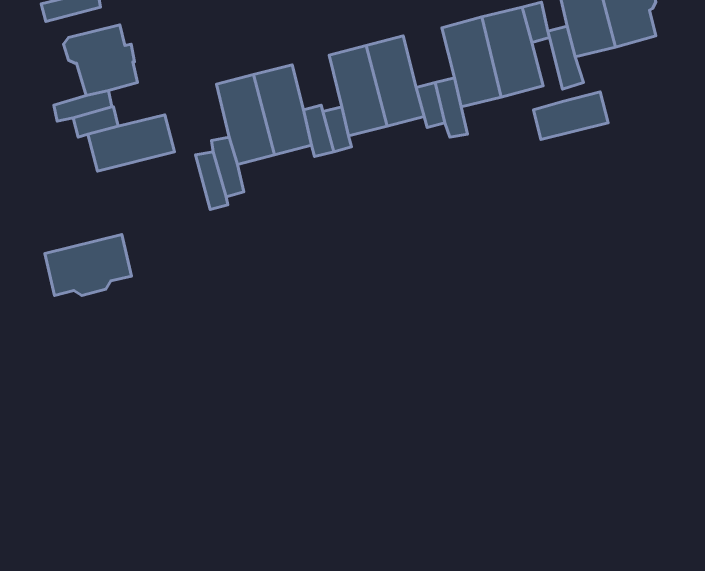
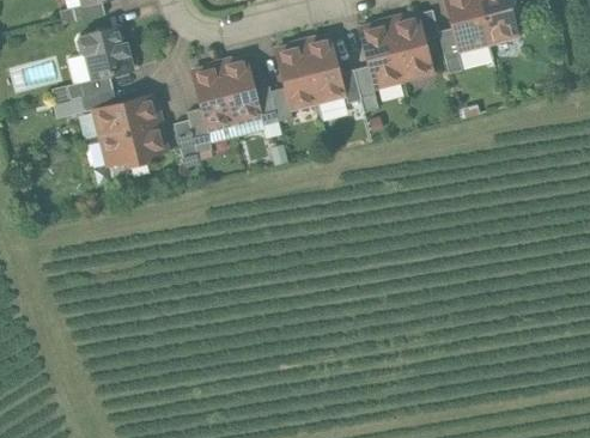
building: [533,92,608,140] -> none
building: [45,234,132,295] -> [102,122,166,168]

